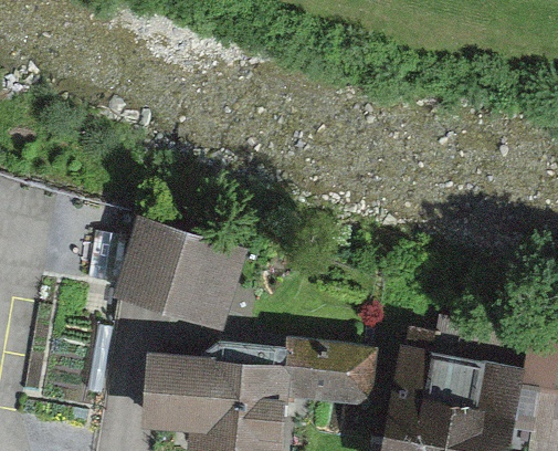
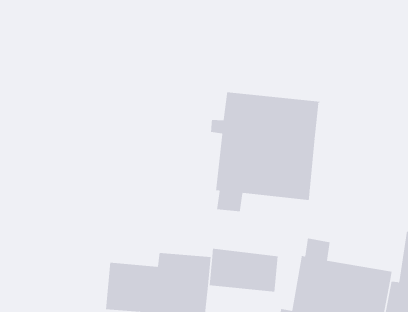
building: none -> [210,91,320,212]
building: [123,228,246,327] -> none

